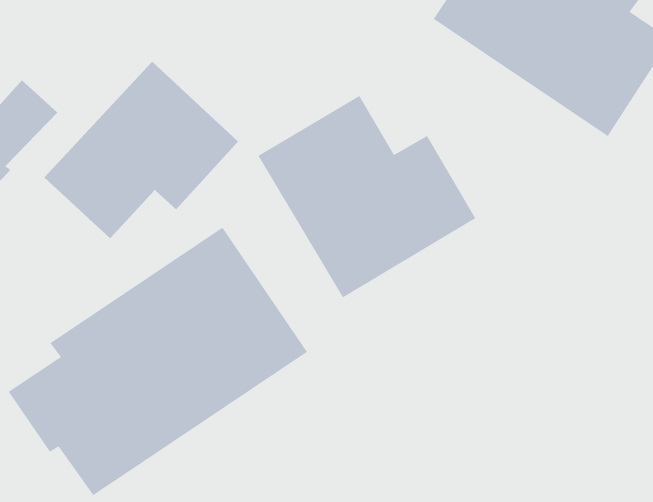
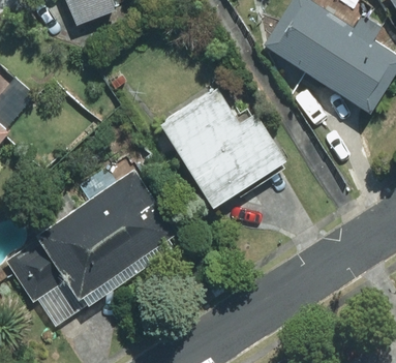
building: [44,61,239,239] -> none

